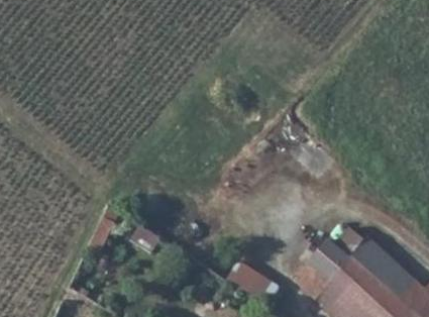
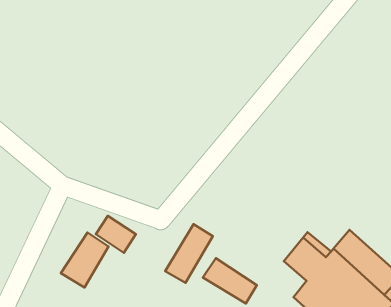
building: none -> [165,224,213,283]
building: none -> [61,232,108,287]

